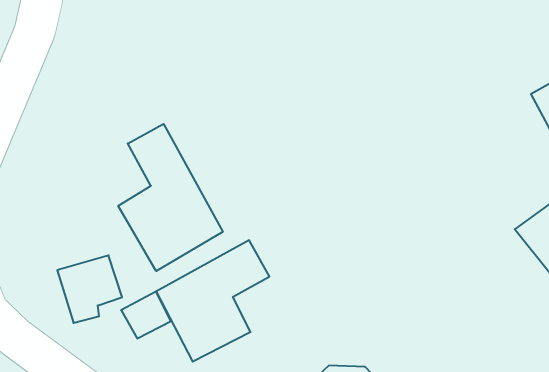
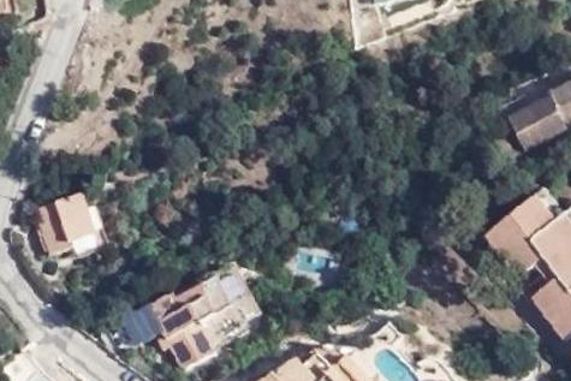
building: [118,124,223,271] -> none
building: [57,255,122,323] -> [36,194,94,254]

